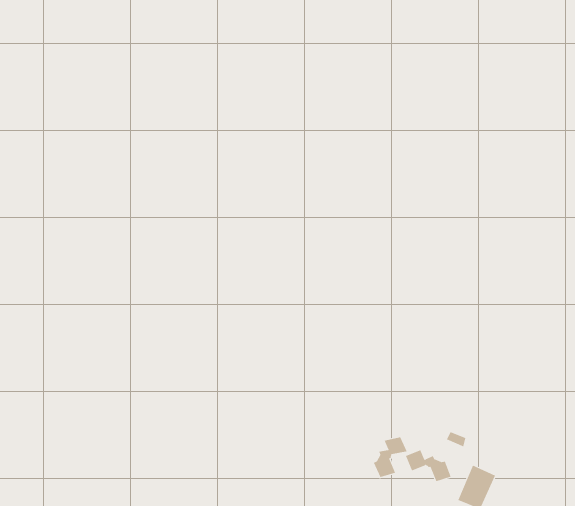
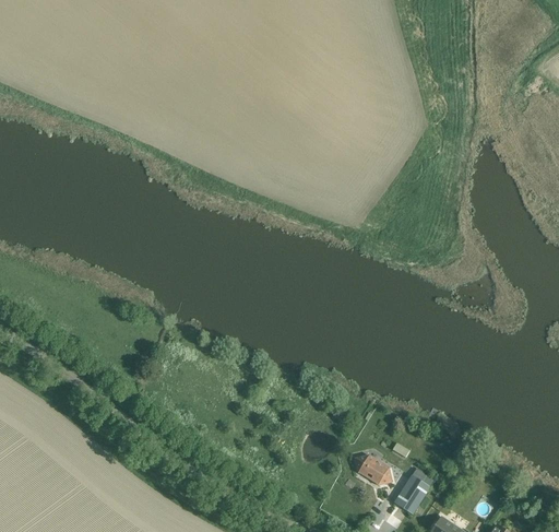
building: [373,436,407,478] -> none

